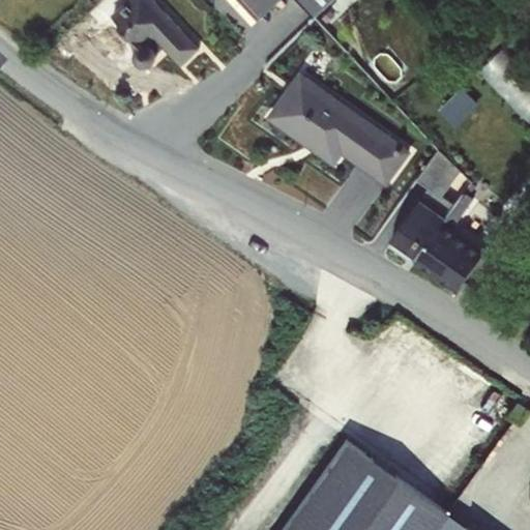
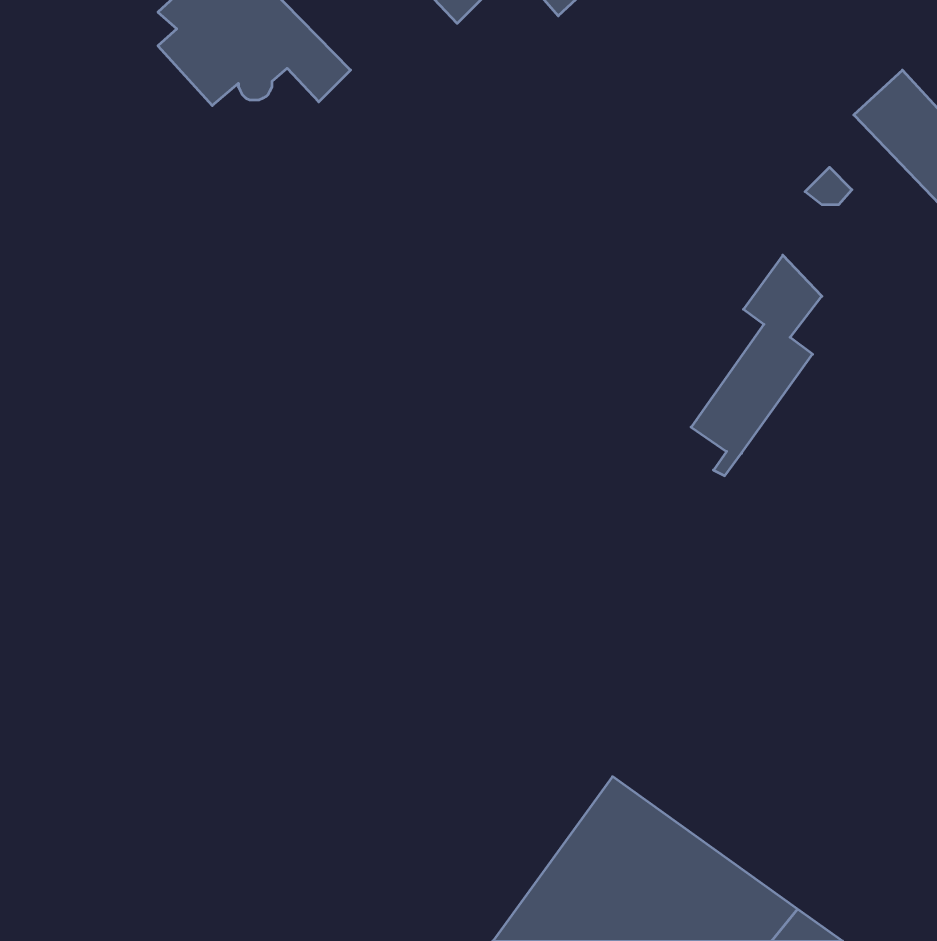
building: [270,71,412,185] -> none
building: [415,190,484,290] -> none

